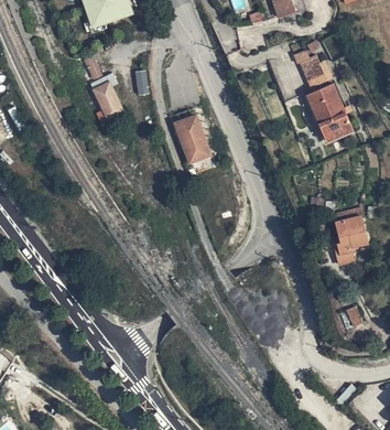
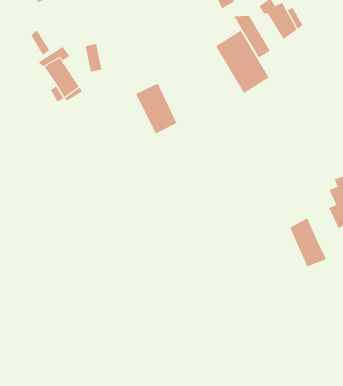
building: [310,84,356,142] -> [215,30,269,94]
building: none -> [290,217,327,267]

